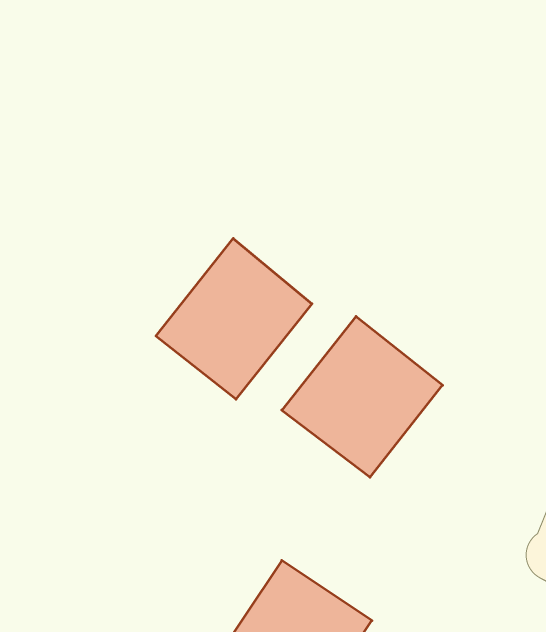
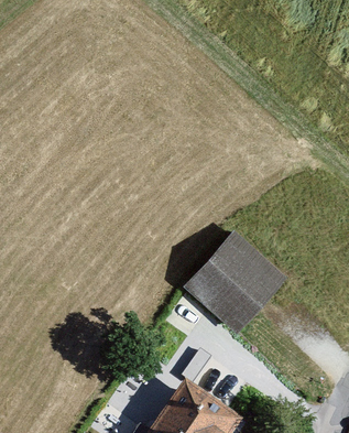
building: [156,238,312,399] -> none

